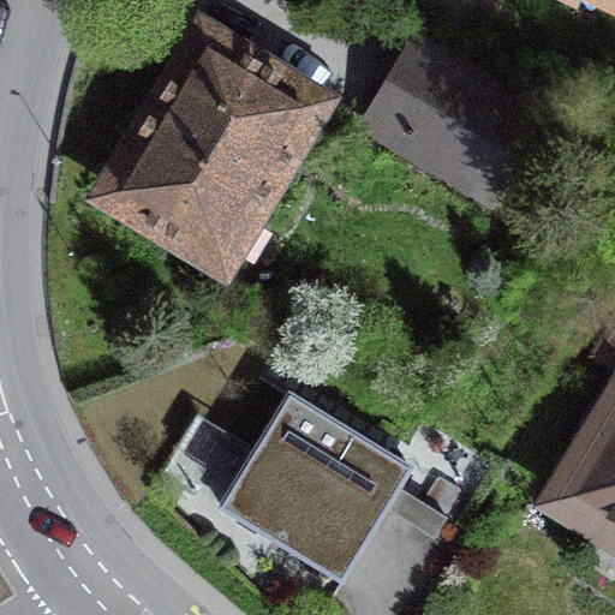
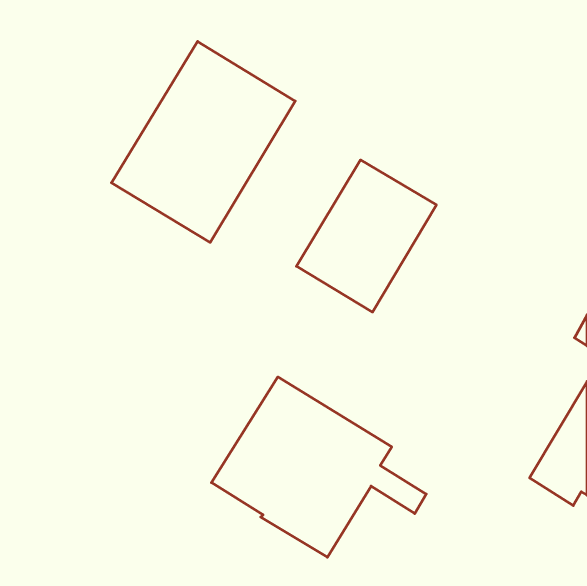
building: [378,52,532,186] -> none
building: none -> [296,160,436,312]

